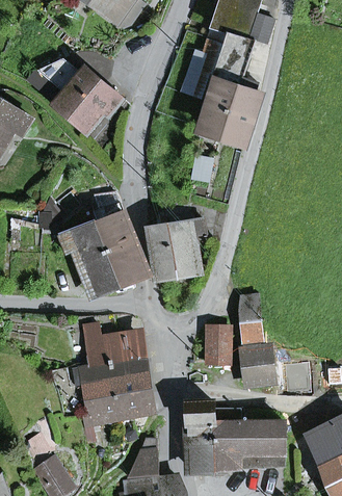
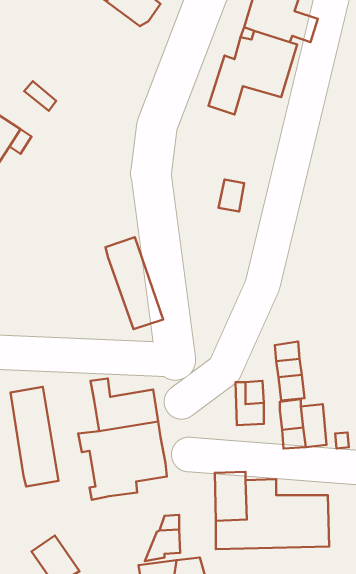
building: [55,69,125,131] -> none
building: [200,77,261,141] -> none
building: [149,218,205,277] -> none
building: [58,221,120,292] -> none
building: none -> [11,387,58,487]

